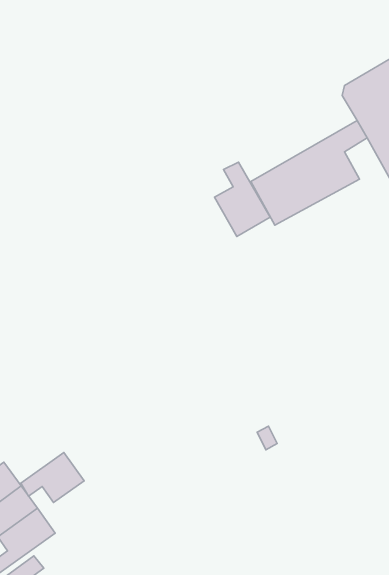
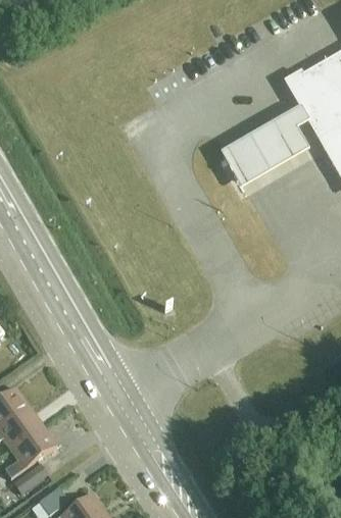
building: [215,162,270,237] -> none
building: [21,452,84,503] -> none

